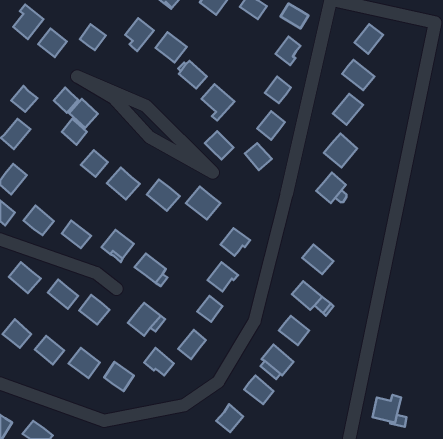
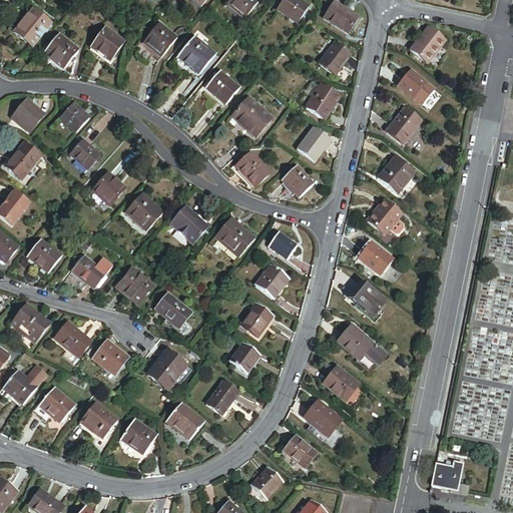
building: [69,99,98,128] -> none
building: none -> [265,229,296,260]
building: none -> [358,240,393,274]

